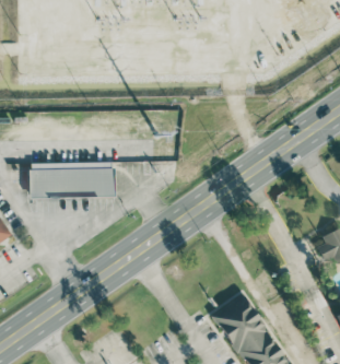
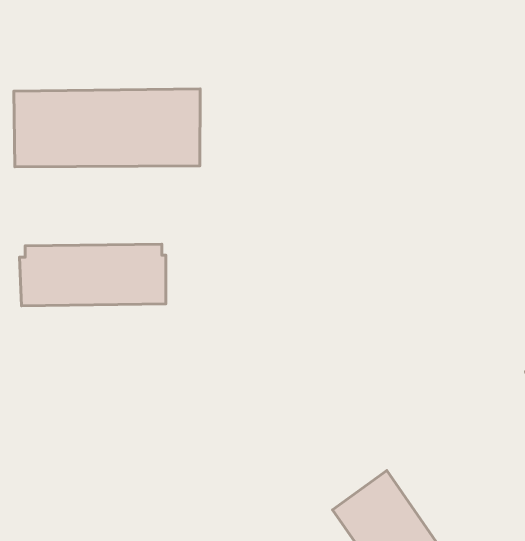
building: none -> [14,89,200,167]

